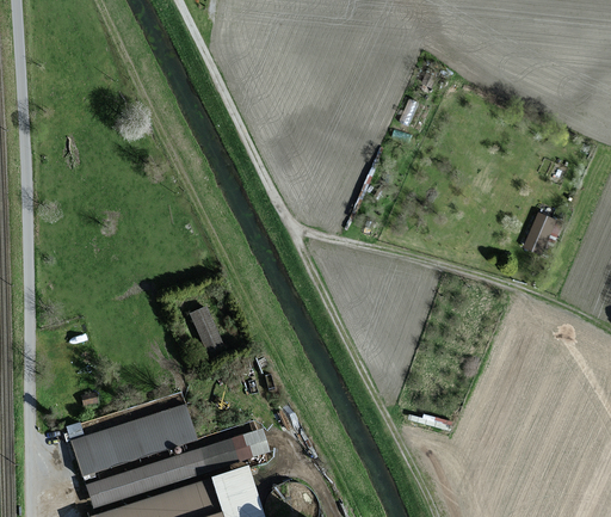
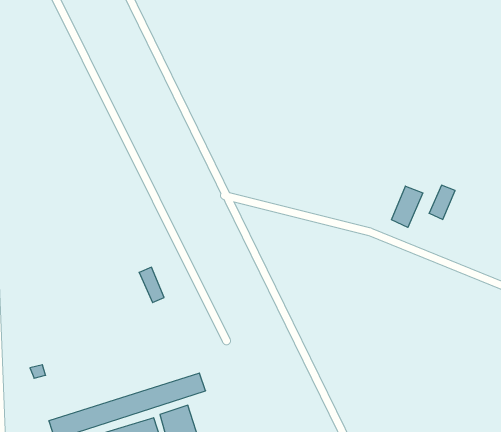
building: none -> [391,186,423,227]
building: [72,406,195,474] -> none

